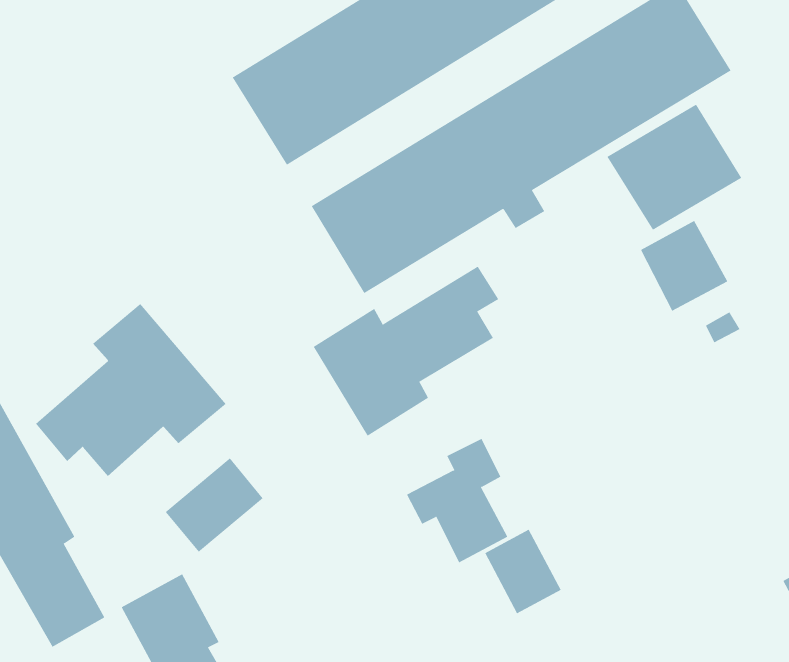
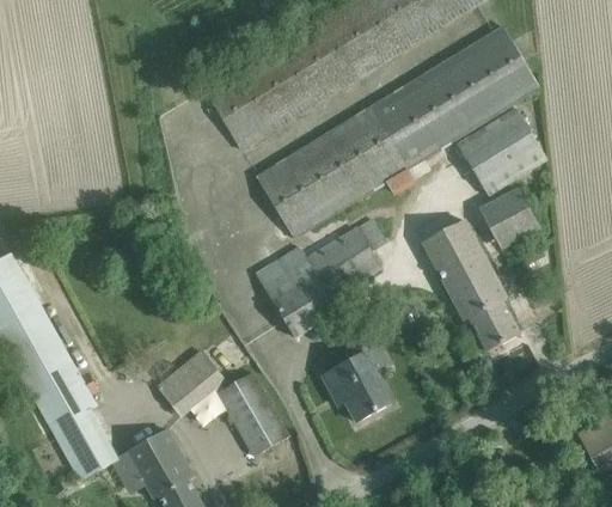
building: none -> [421,219,519,350]
building: [35,303,226,477] -> none
building: none -> [216,371,287,453]
building: [484,529,562,614] -> none

